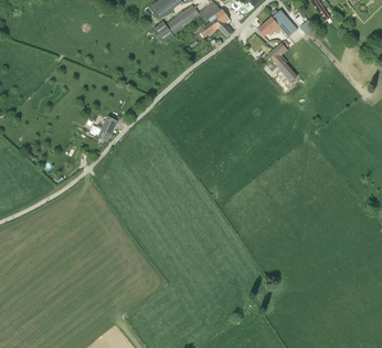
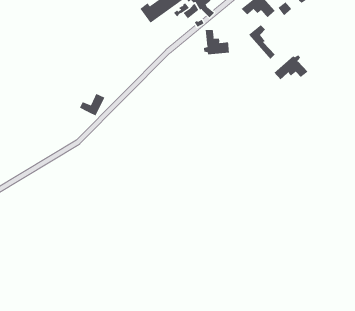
building: none -> [204,29,230,55]
building: none -> [274,55,308,80]

